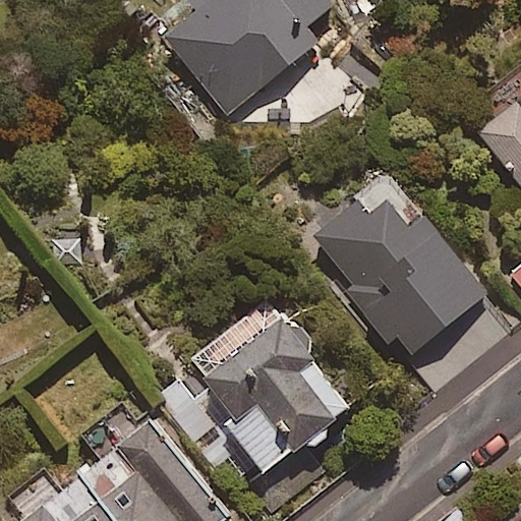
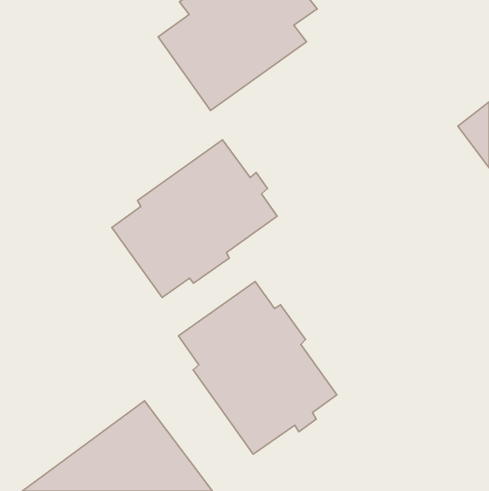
building: none -> [112,140,277,298]
building: [311,199,486,354] -> none

